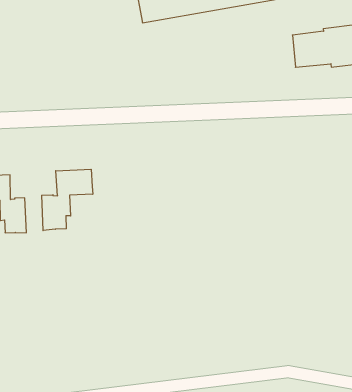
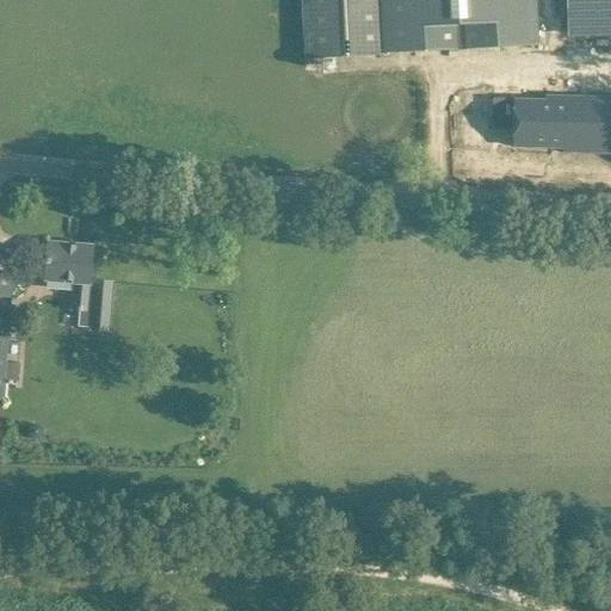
building: [42,169,93,231] -> none

